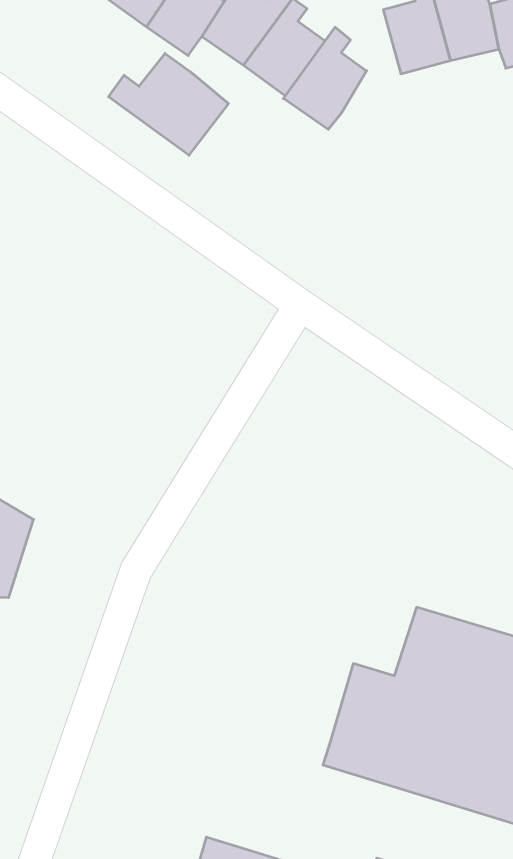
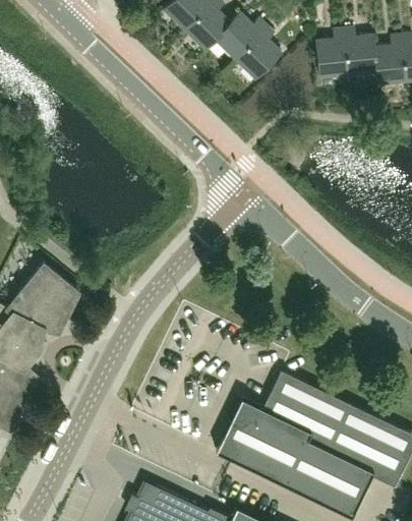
building: [283,27,367,129] -> none
building: [109,53,228,155] -> none

